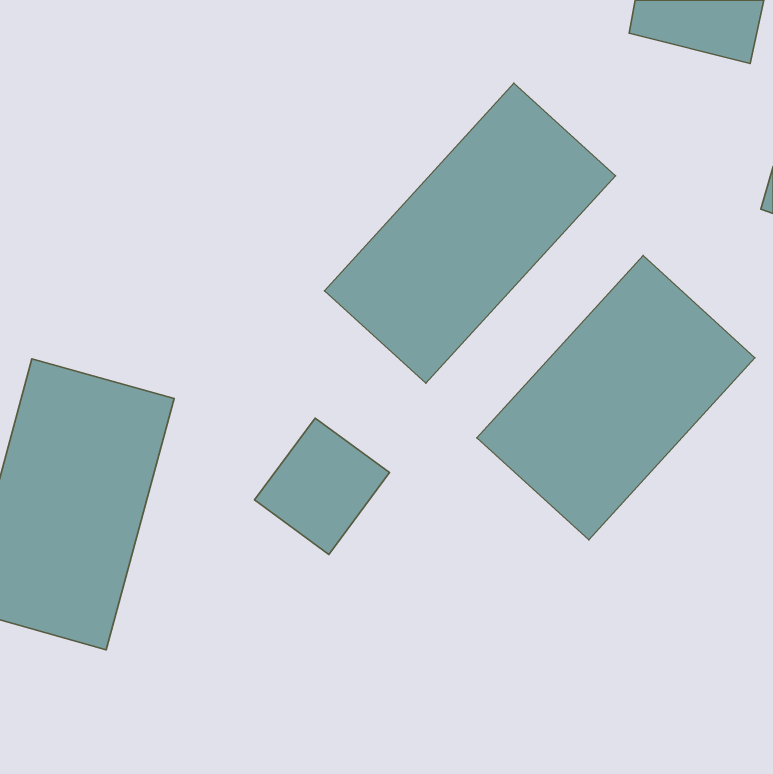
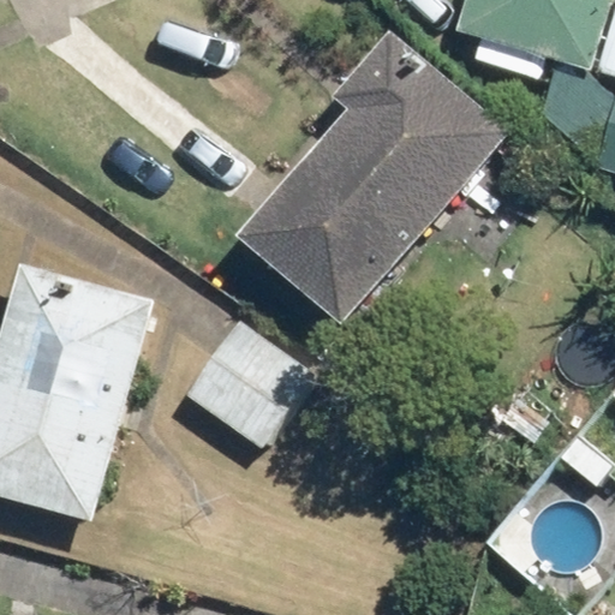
building: [477,256,755,540] -> none

